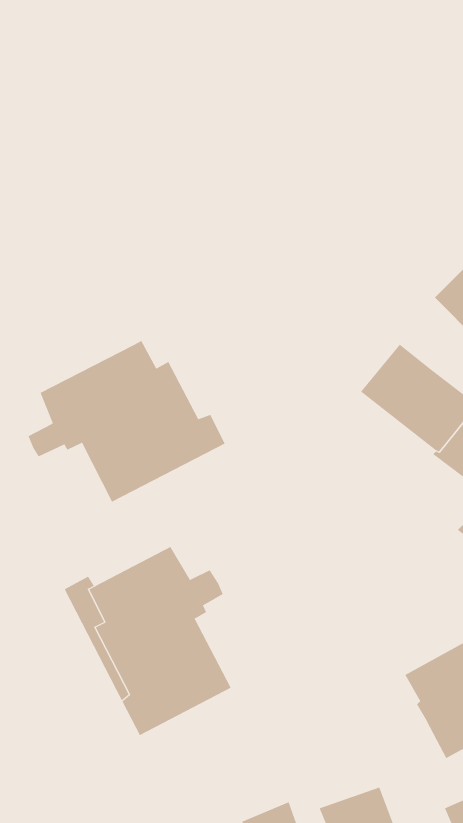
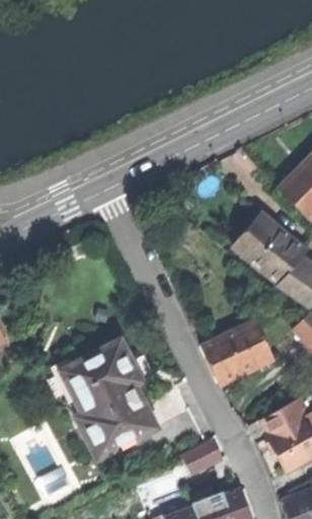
building: [28,340,226,503] -> none
building: none -> [200,320,271,383]
building: none -> [185,436,229,473]

